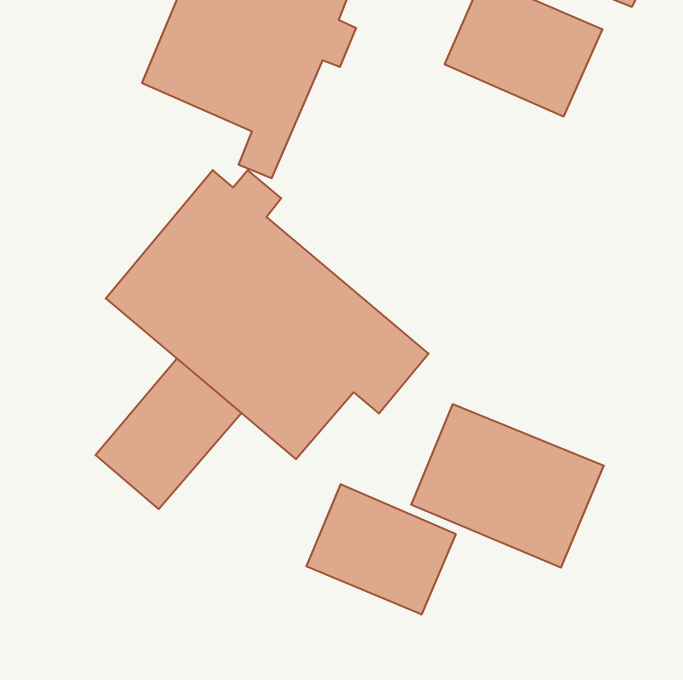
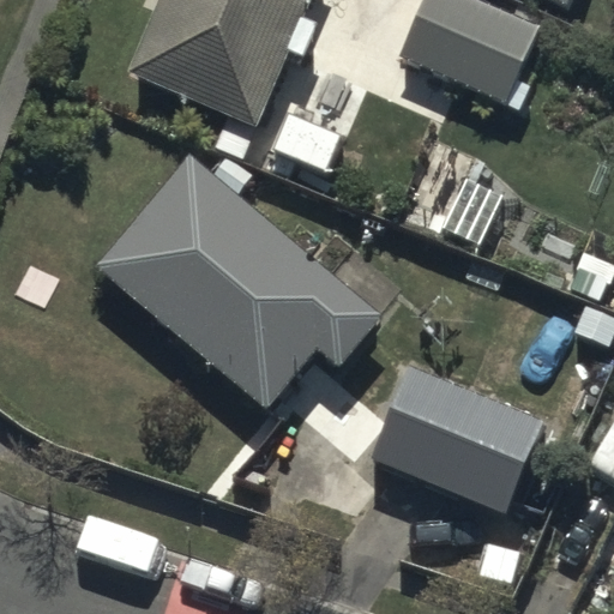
building: [95,359,242,509] -> none
building: [306,484,456,615] -> none

